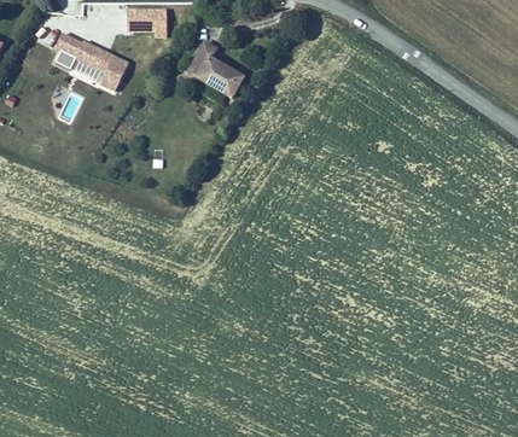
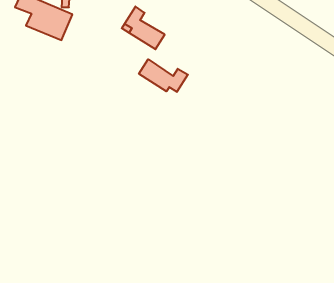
building: none -> [139,59,188,92]

